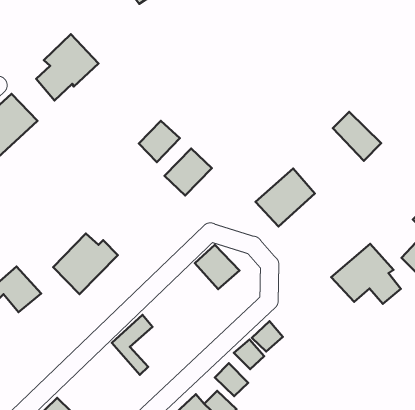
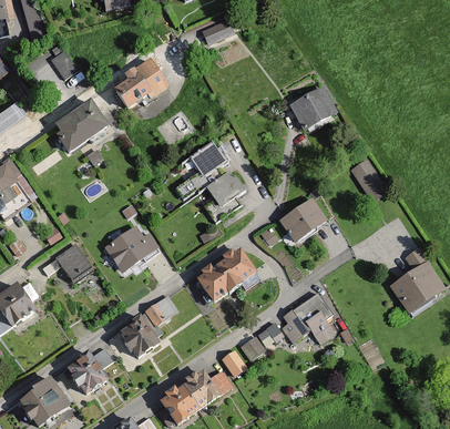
building: none -> [290,86,336,131]
building: [331,244,401,304] -> [280,292,336,343]
building: none -> [196,263,235,302]
building: none -> [119,317,160,360]

